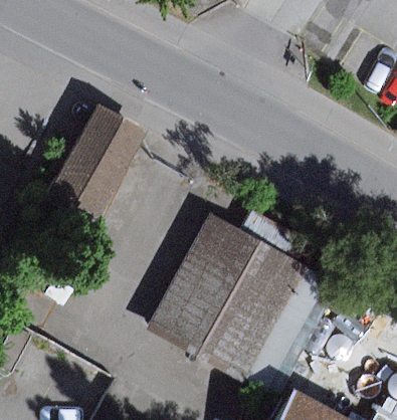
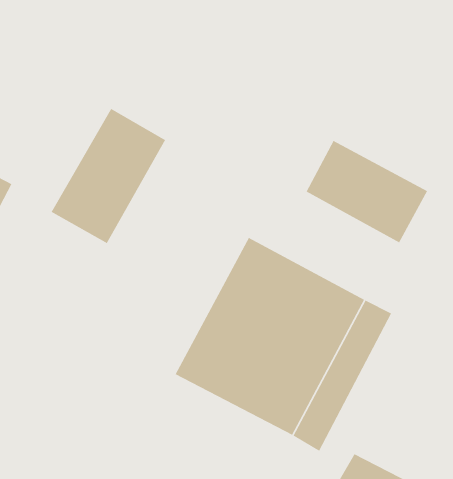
building: none -> [305,140,428,243]

